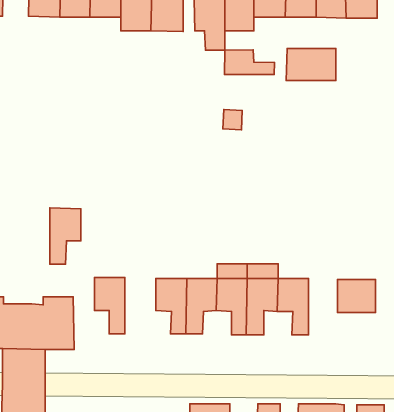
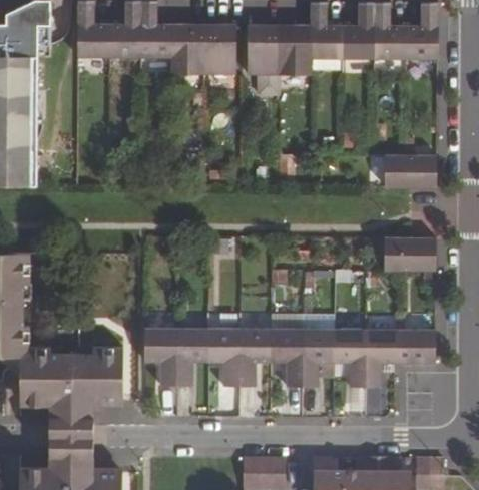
building: [286,48,336,80] -> [384,155,435,188]
building: [224,50,274,74] -> none
building: none -> [384,237,434,271]
building: [50,208,81,264] -> [175,328,207,386]
building: none -> [365,329,395,388]

